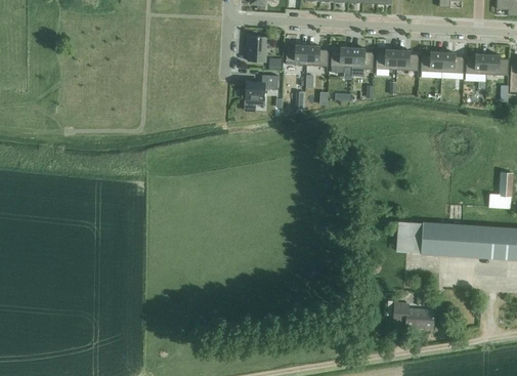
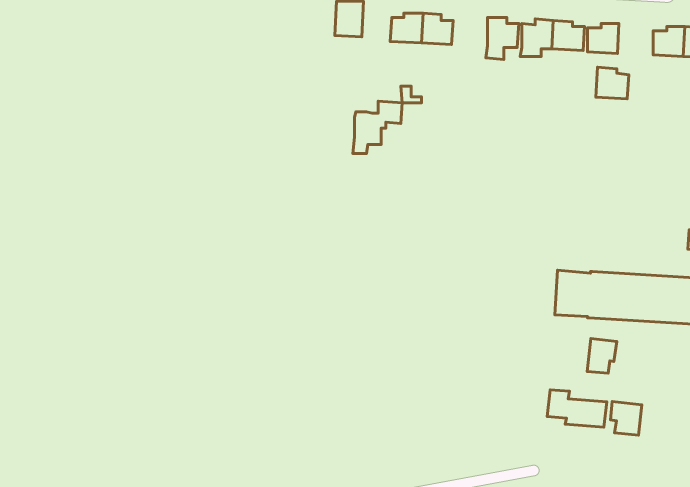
building: [331,47,352,73] -> none
building: [441,52,464,74] -> [596,67,629,99]
building: [245,75,278,111] -> [353,101,402,154]
building: none -> [587,339,617,373]
building: none -> [611,401,642,435]

